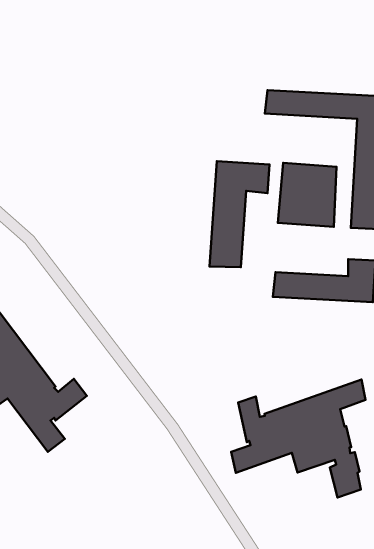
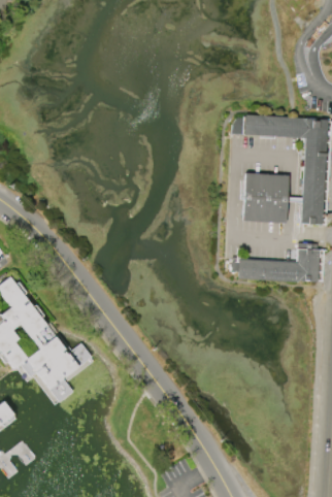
building: [209,161,270,267] -> none
building: [231,380,366,498] -> none

